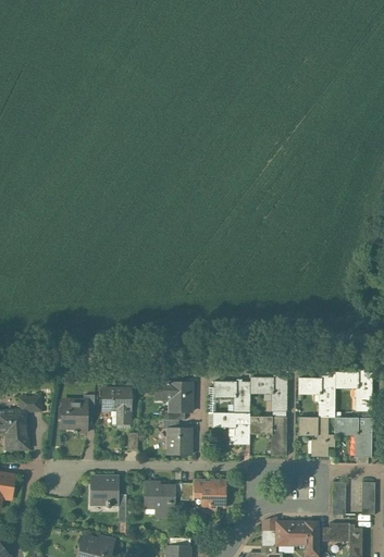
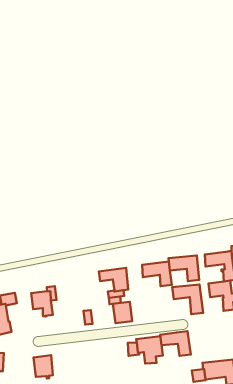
building: [101,387,131,423] -> none
building: [212,412,249,444] -> [160,331,191,356]
building: [91,476,115,507] -> [33,355,53,379]
building: [145,482,173,516] -> none

